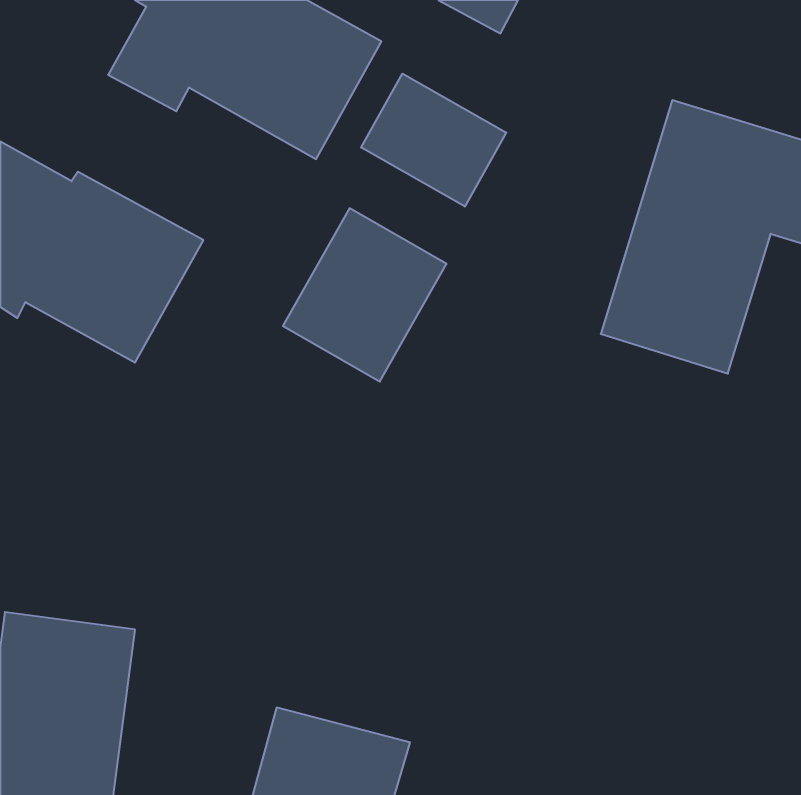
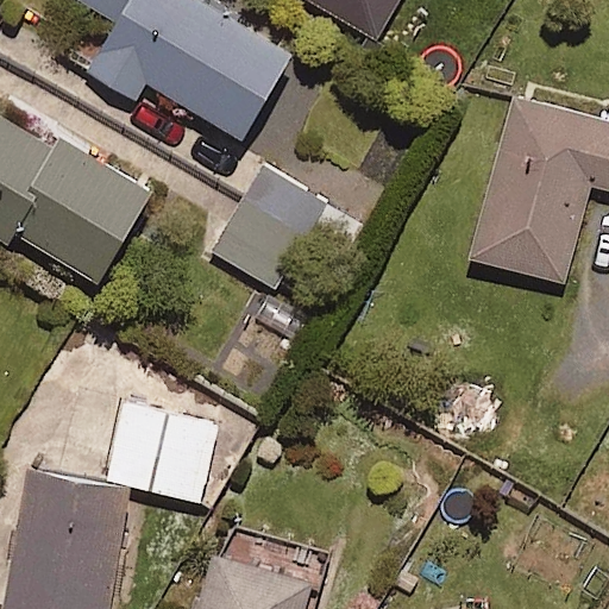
building: [361,74,506,207] -> none
building: none -> [95,417,218,517]

